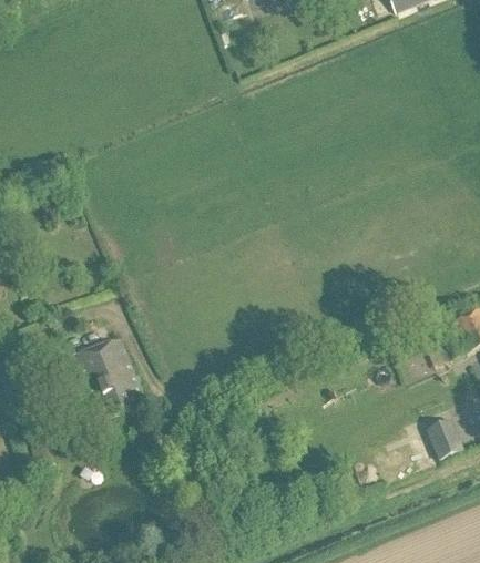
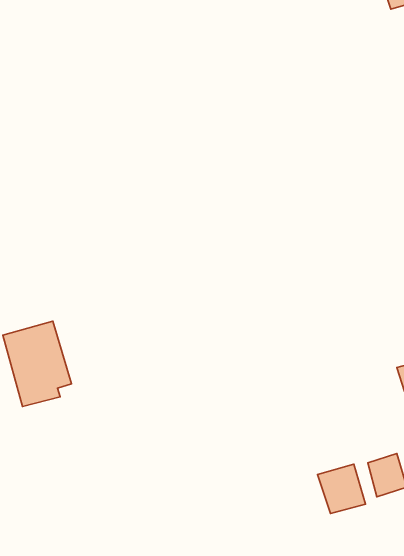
building: none -> [318,464,366,514]

